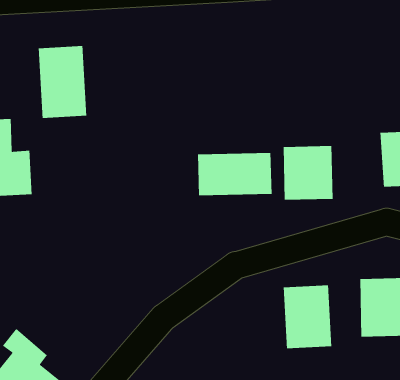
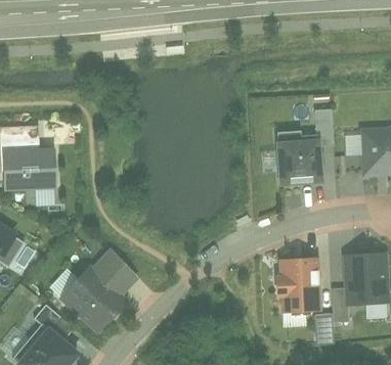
building: [38,45,87,119] -> none
building: [197,152,272,196] -> none
building: none -> [59,248,137,331]

